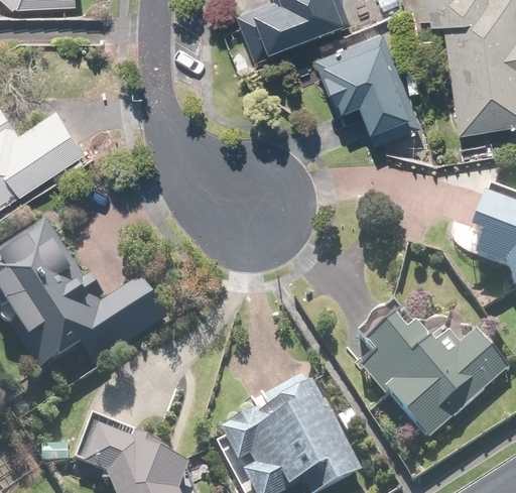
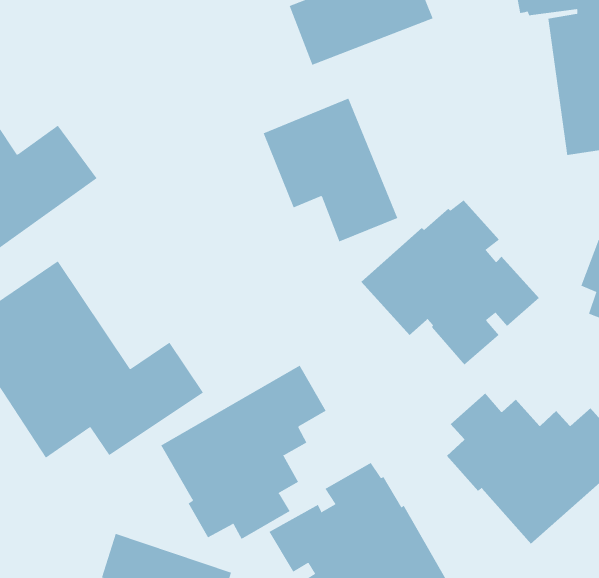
building: [311,24,419,139] -> [263,98,398,242]
building: none -> [360,199,540,366]
building: none -> [160,365,327,540]

